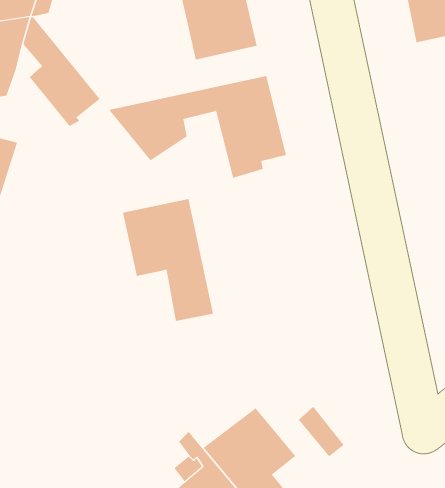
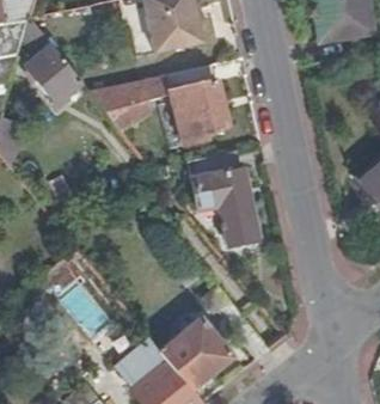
building: [122,198,214,322] -> [186,149,257,244]

